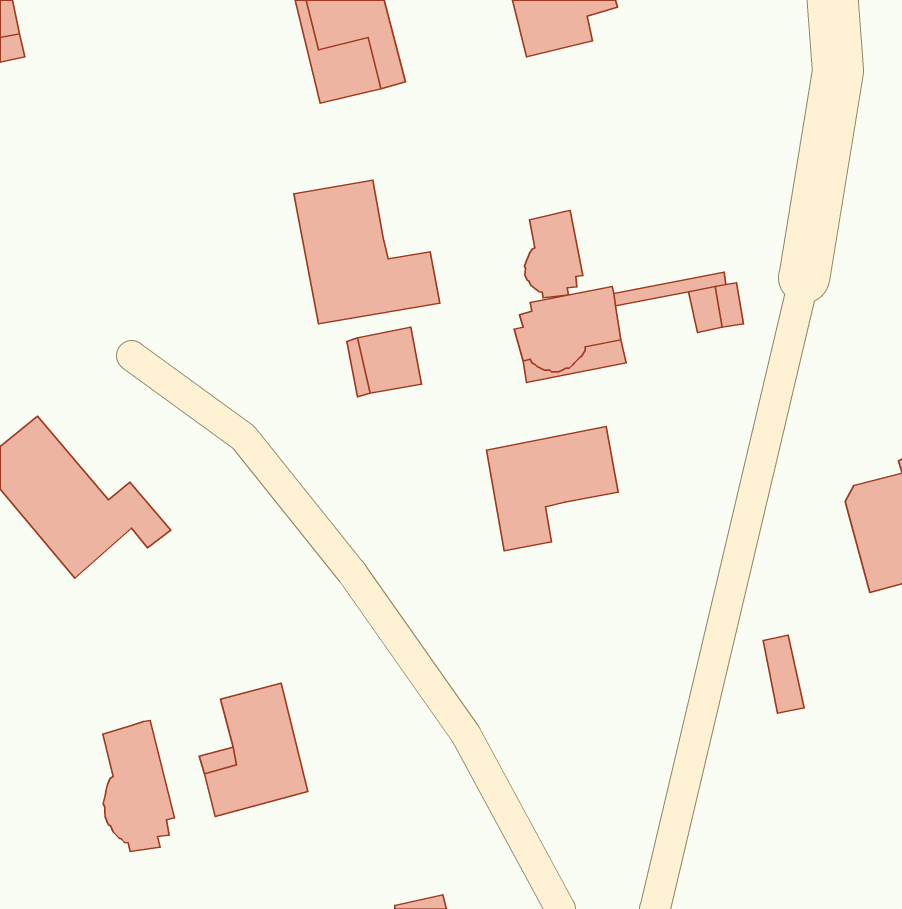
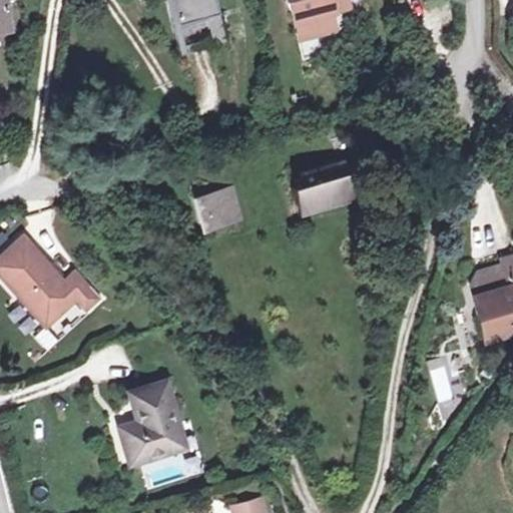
building: [294,180,440,324] -> none
building: [524,211,583,298] -> none
building: [486,426,618,551] -> none
building: [103,720,174,851] -> none

